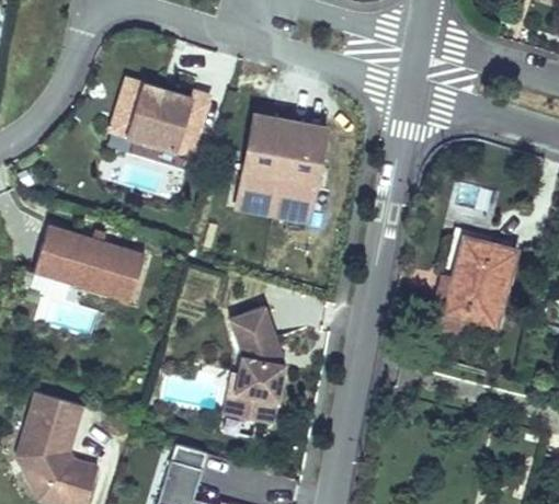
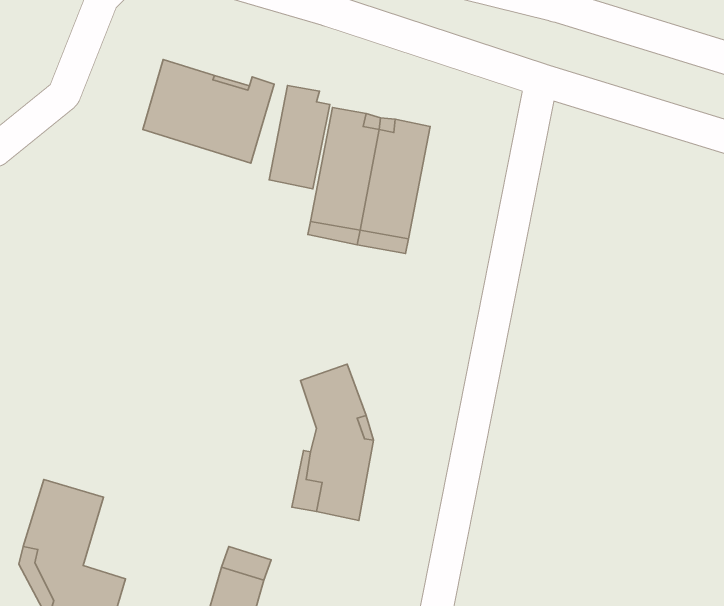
building: none -> [269,85,330,189]
building: [34,225,145,301] -> none
building: [431,227,516,332] -> none

